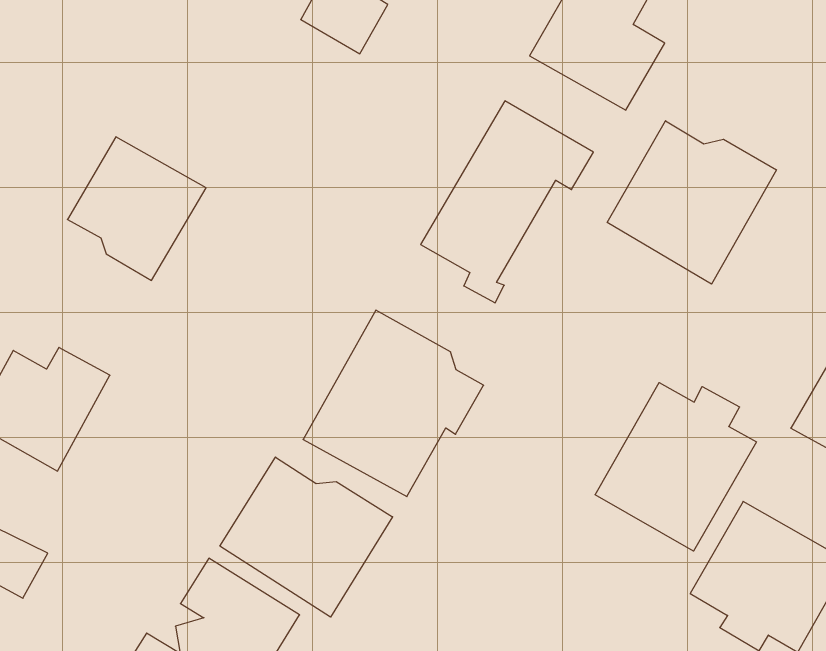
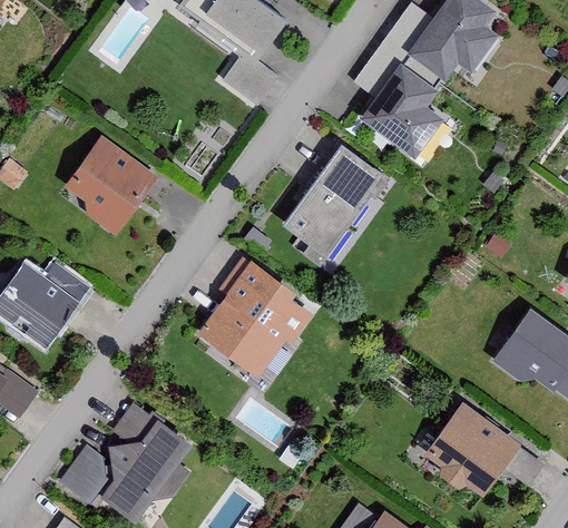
building: [607,121,776,284] -> none
building: [595,383,756,551] -> none
building: [220,457,393,617] -> none

